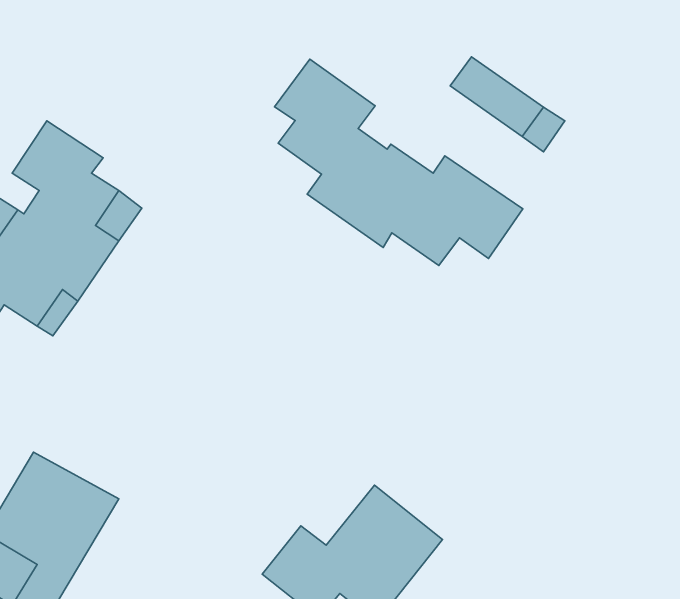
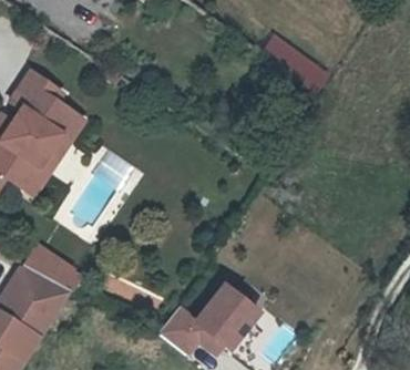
building: [275,59,523,265] -> none
building: none -> [27,243,84,288]

